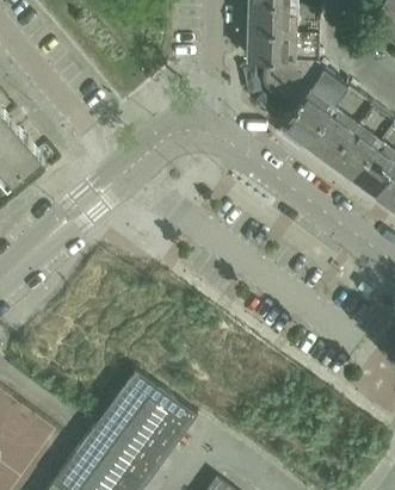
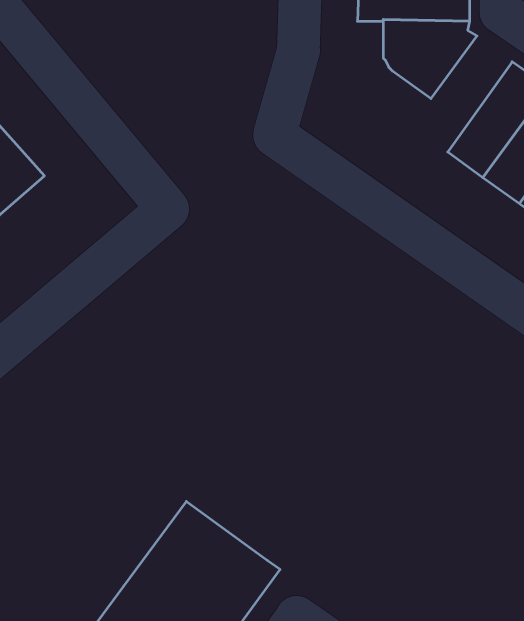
building: [282,72,346,147] -> none

